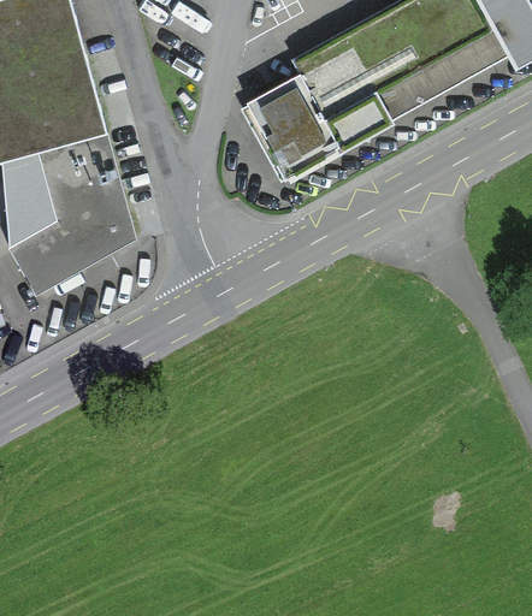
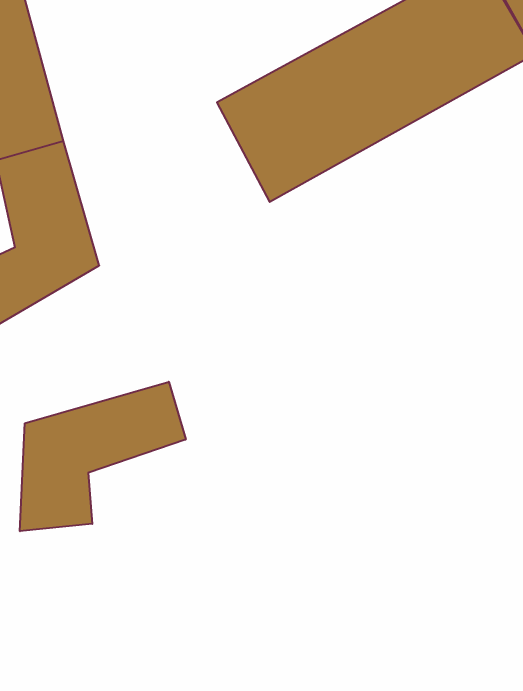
building: none -> [20,382,186,531]

